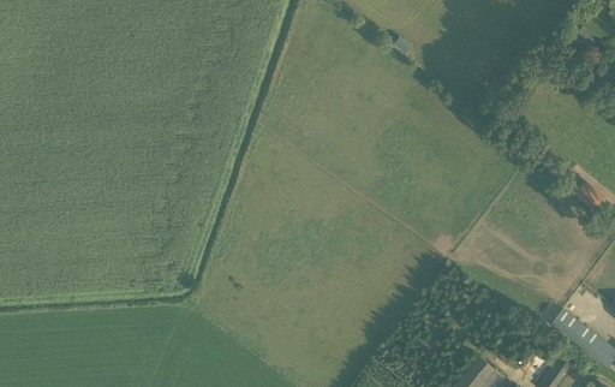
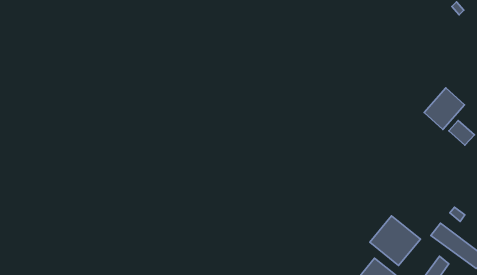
building: none -> [424,88,465,129]
building: none -> [370,216,420,265]

